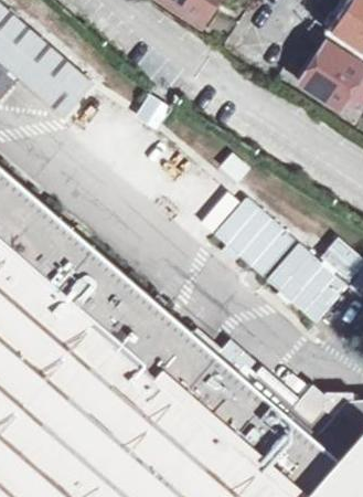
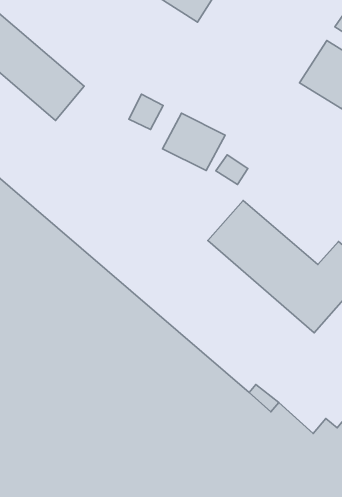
building: none -> [163,113,225,171]

